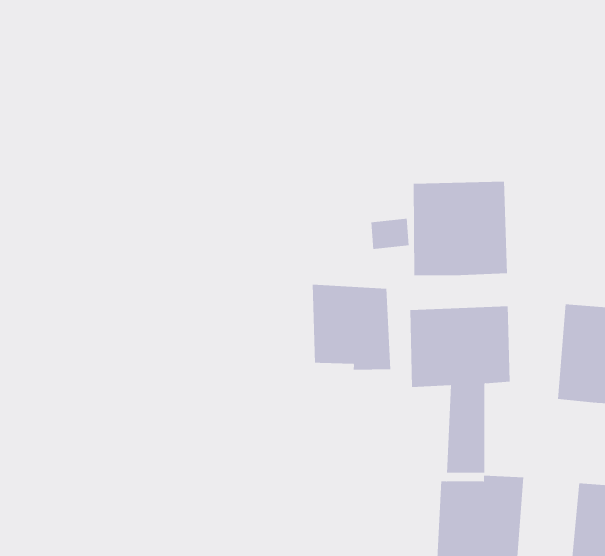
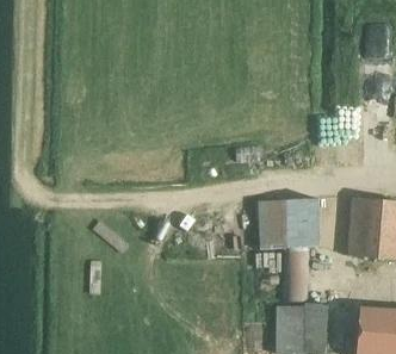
building: [413,181,508,276] -> none
building: [312,284,391,371] -> none

